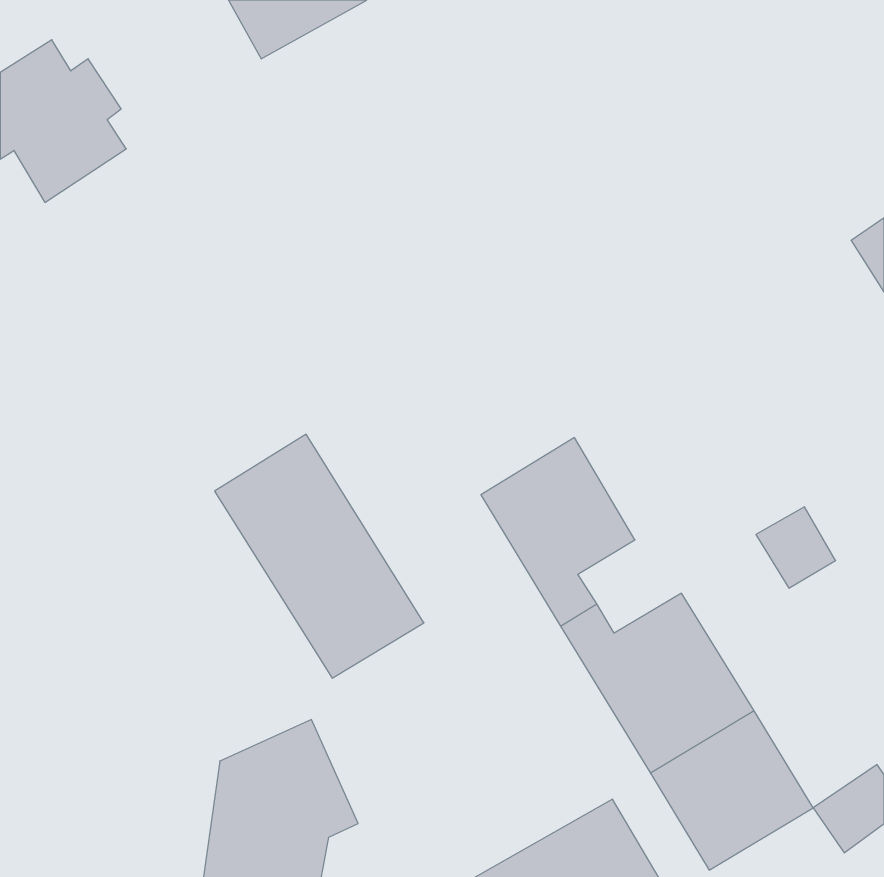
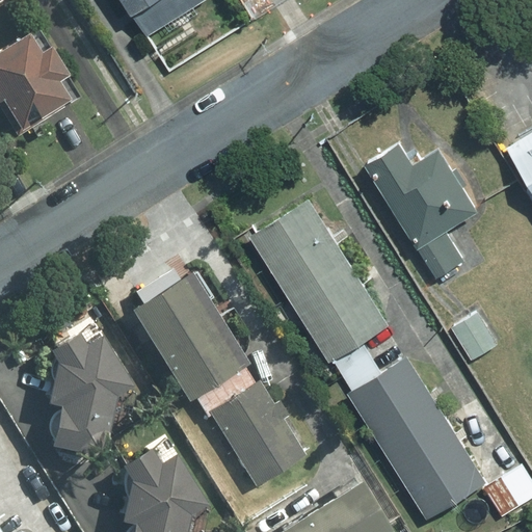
building: none -> [376,135,489,277]
building: none -> [245,195,345,301]
building: none -> [41,325,140,445]
building: none -> [200,378,305,493]

